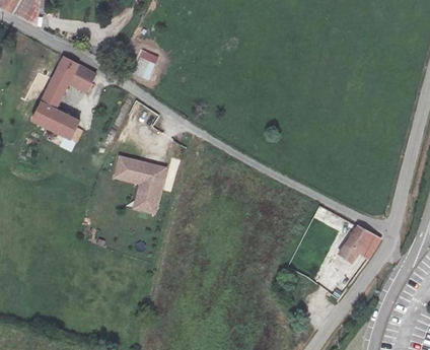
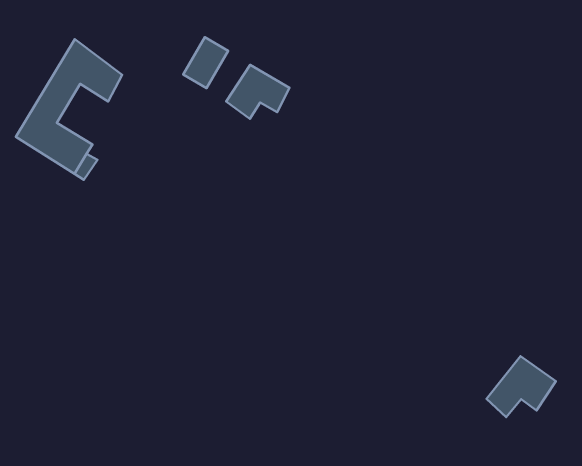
building: none -> [226,65,289,119]
building: [111,153,166,213] -> none

